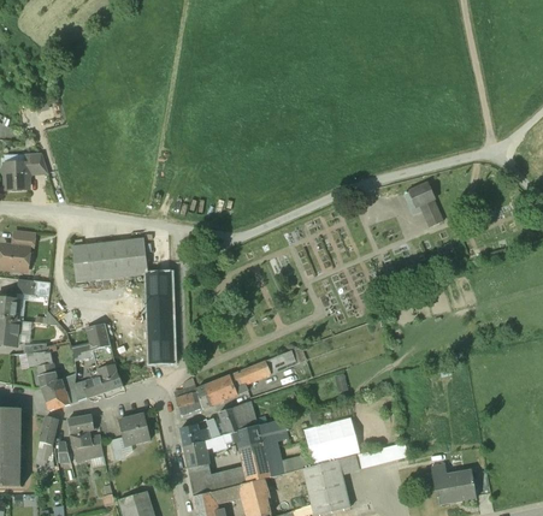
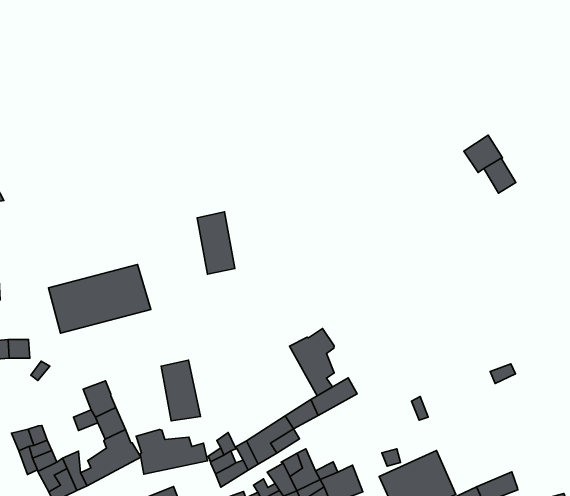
building: [148,273,171,319] -> [197,212,235,274]
building: none -> [290,328,334,396]
building: none -> [136,430,207,474]

